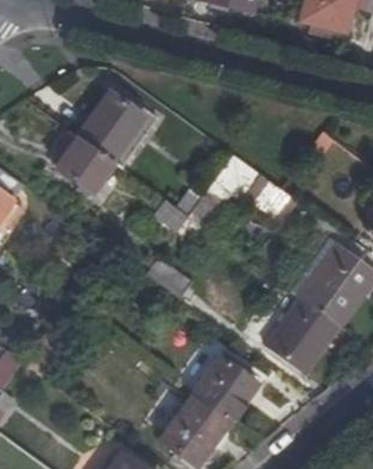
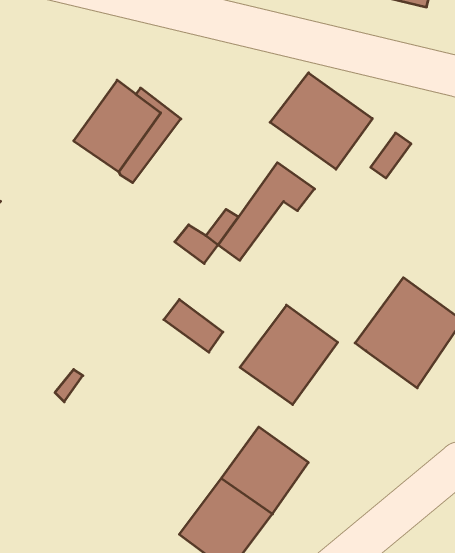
building: none -> [270,73,372,169]
building: [53,138,114,197] -> none
building: [266,298,341,374] -> [240,305,338,405]

